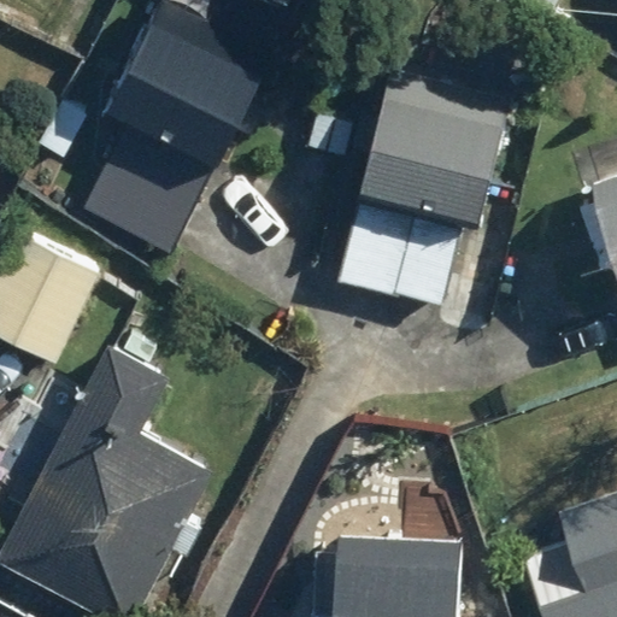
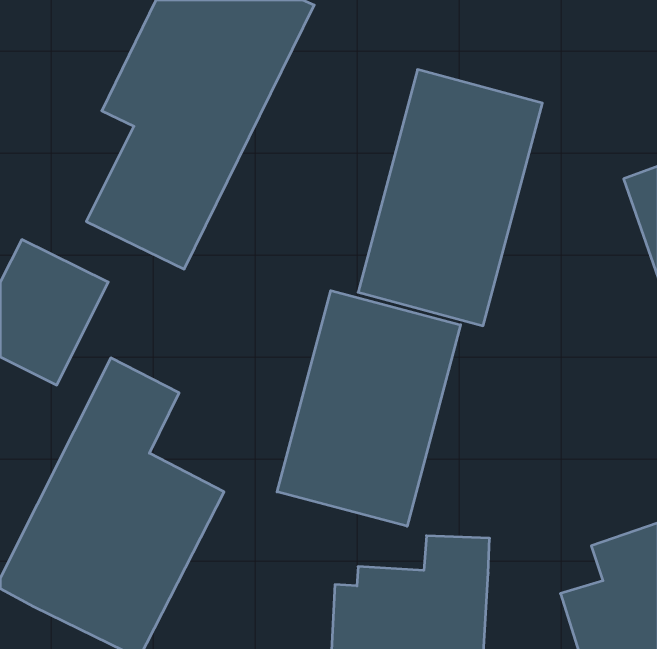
building: none -> [277,291,461,526]

